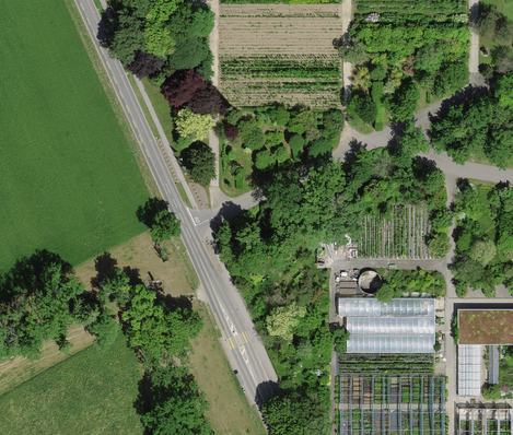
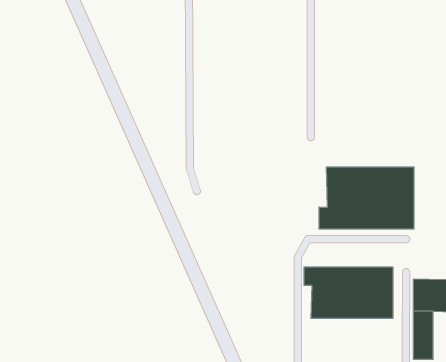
building: none -> [319,167,414,229]

